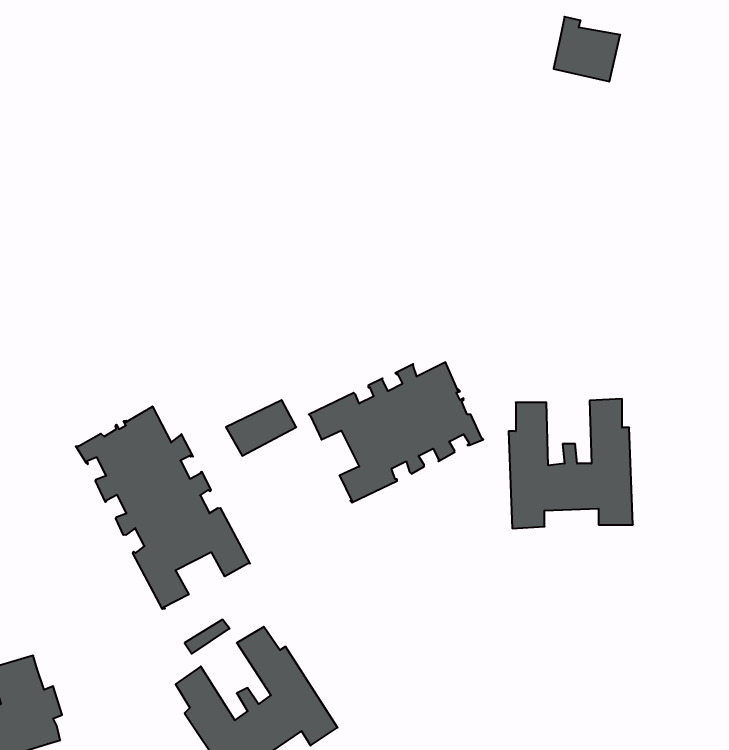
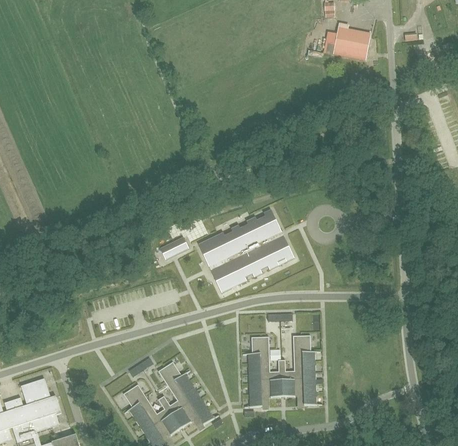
building: [509,399,633,528] -> [247,335,316,407]
building: [76,406,250,609] -> none

